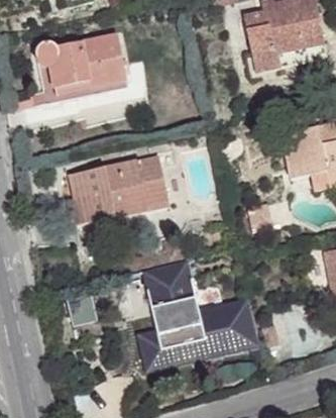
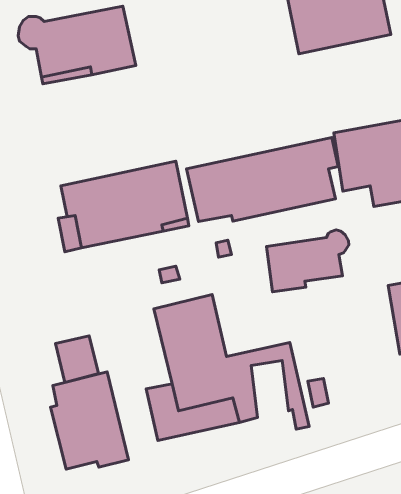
building: none -> [186,138,338,222]
building: none -> [267,230,349,292]
building: none -> [51,372,128,469]

